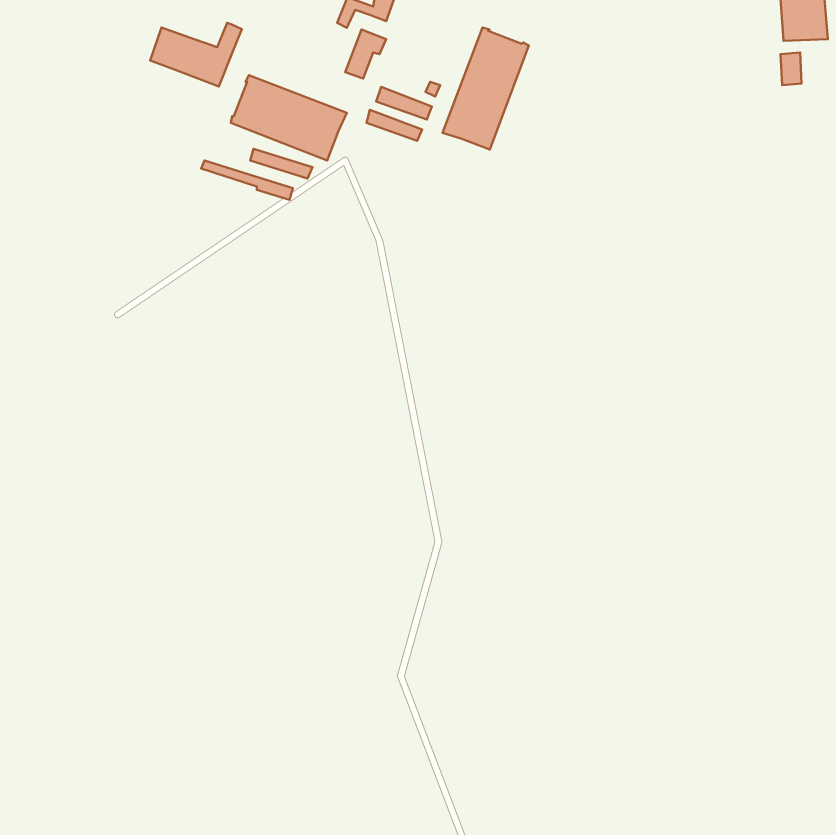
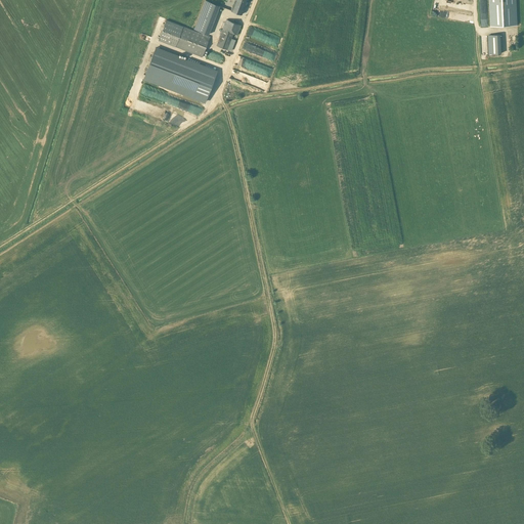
building: [150,23,242,87] -> [159,16,216,56]
building: [442,28,529,149] -> none

